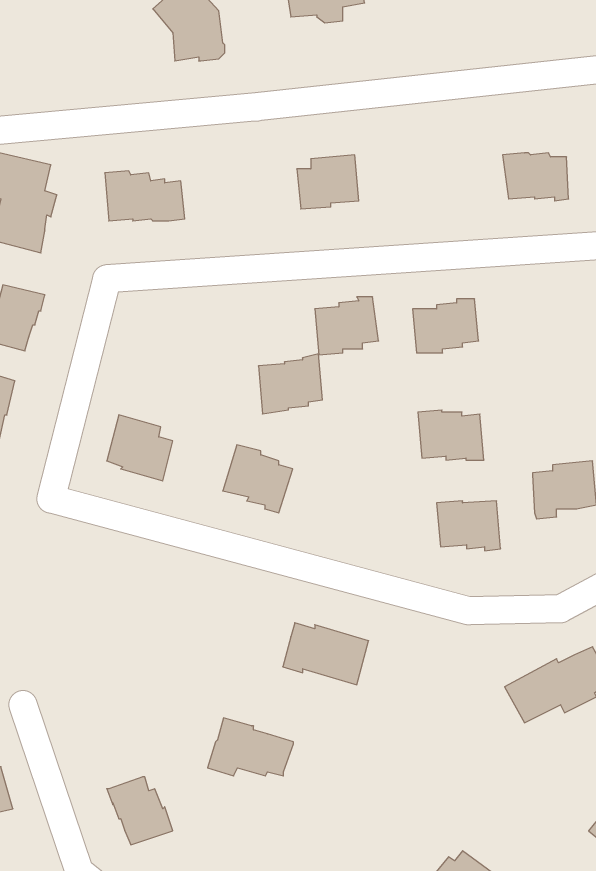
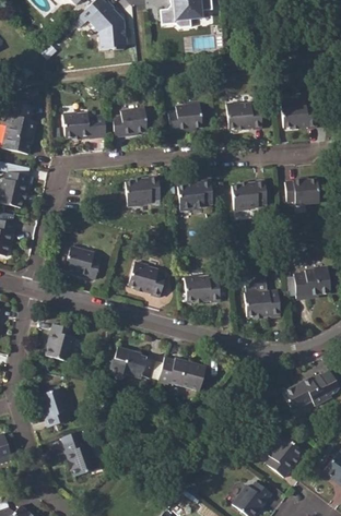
building: none -> [224,100,260,128]
building: none -> [111,105,145,135]
building: none -> [283,177,318,204]
building: [258,354,322,414] -> [124,172,158,205]
building: [418,410,484,460] -> [183,273,219,300]
building: none -> [45,325,73,362]
building: none -> [39,387,72,428]
building: [208,718,293,776] -> [108,347,155,379]
building: none -> [264,433,301,477]

